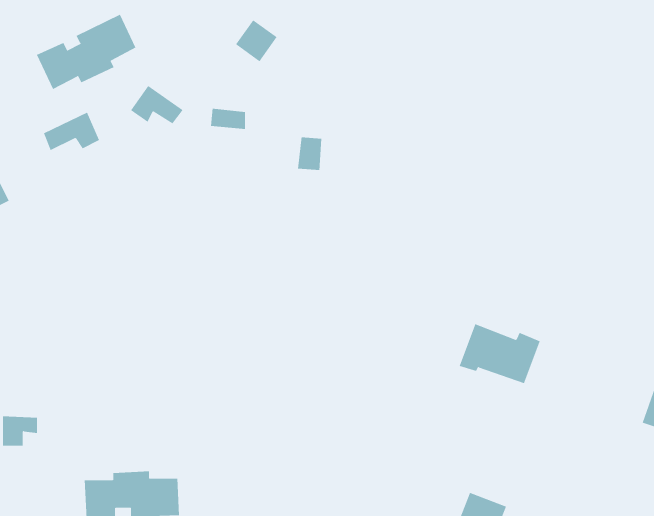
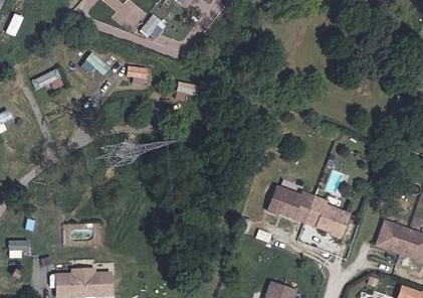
building: [36,14,136,90] -> none
building: none -> [305,196,350,237]

